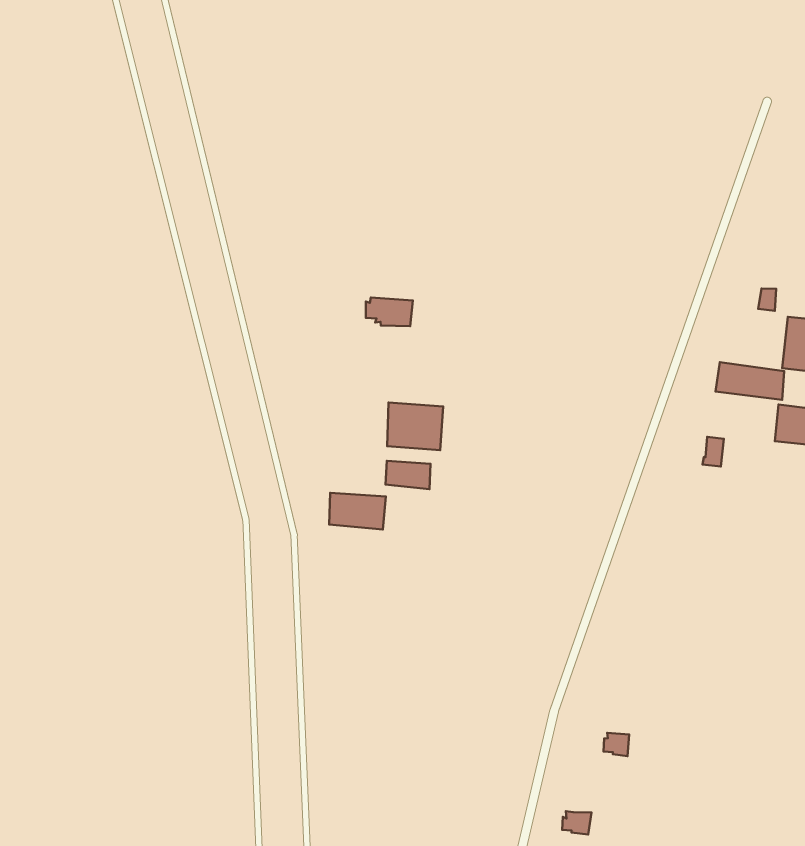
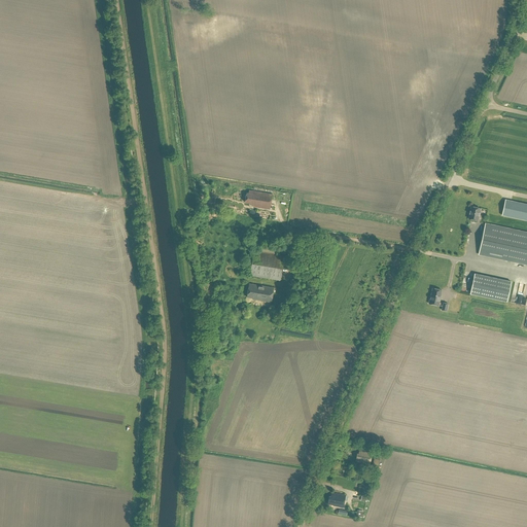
building: [715,362,784,400] -> none
building: [329,493,386,529] -> none

